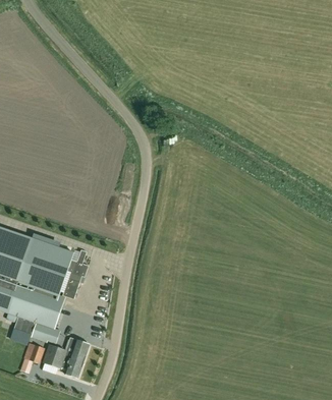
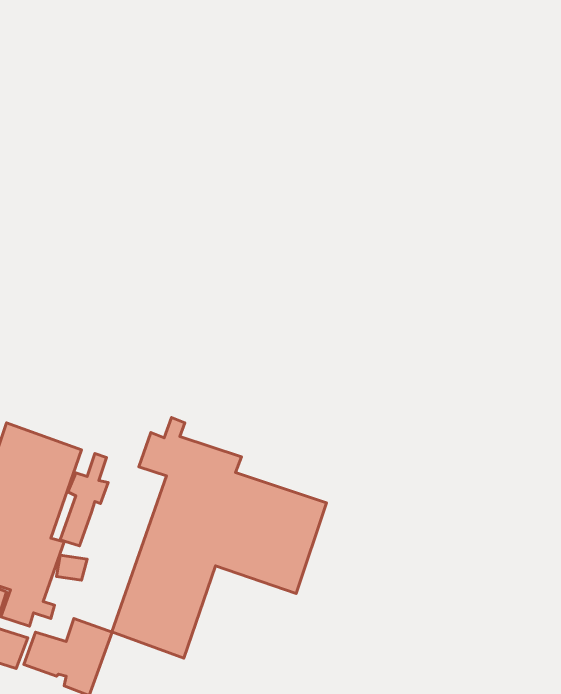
building: none -> [112,417,326,658]

